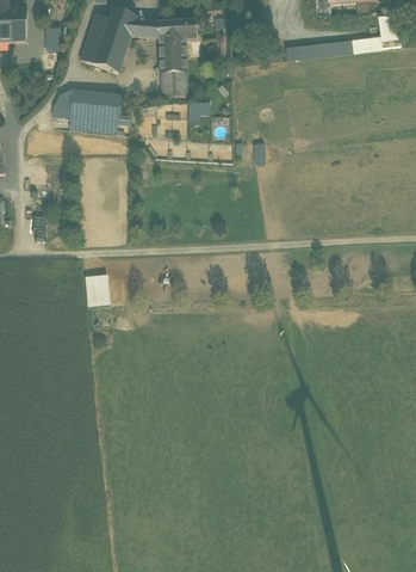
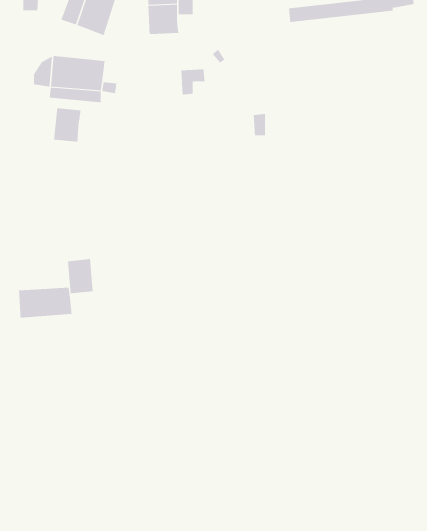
building: [161,69,188,96] -> none
building: none -> [54,108,81,143]
building: none -> [18,287,72,319]

